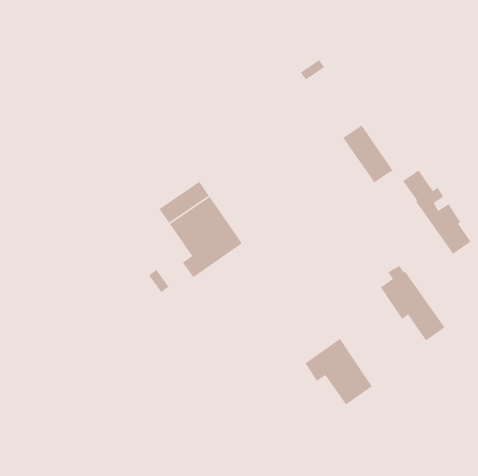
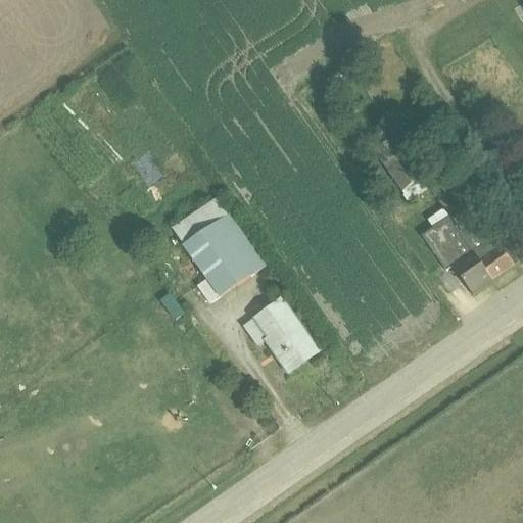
building: [380,265,445,342] -> [422,209,493,293]
building: [304,338,373,405] -> [243,297,318,371]

